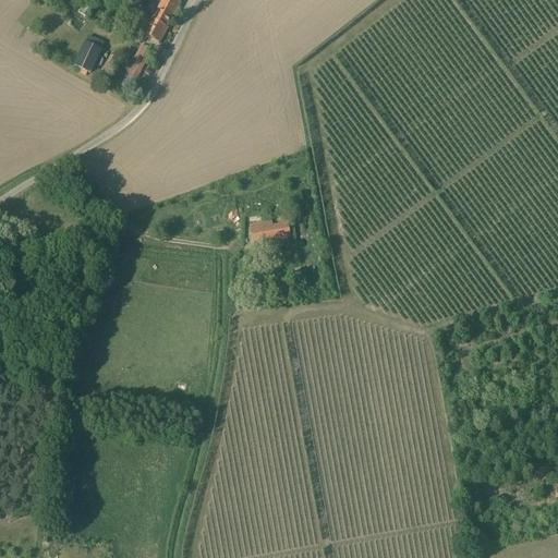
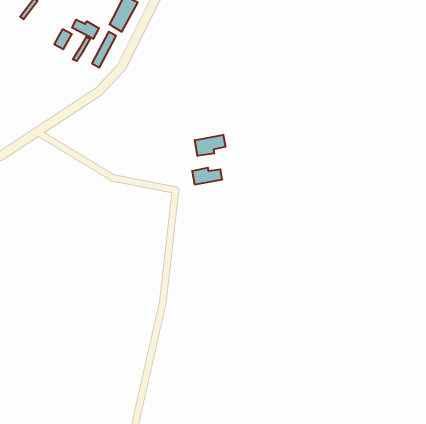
building: none -> [72,20,99,39]
building: none -> [195,135,225,156]

